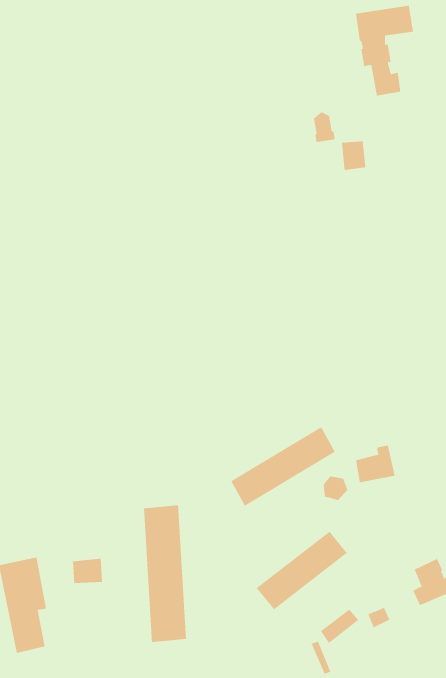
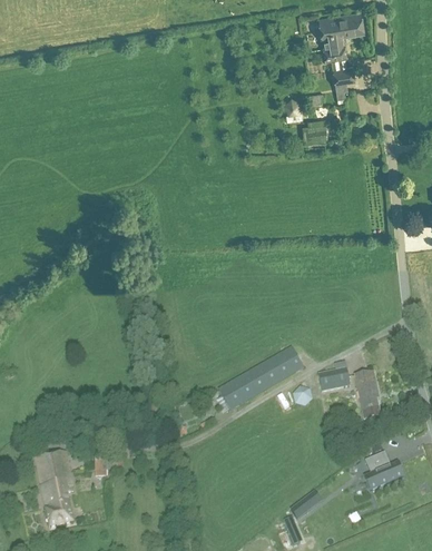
building: none -> [354,373,381,421]
building: [144,505,186,643] -> none
building: [256,531,348,610] -> none

